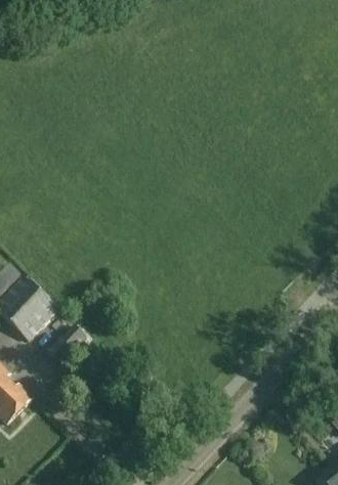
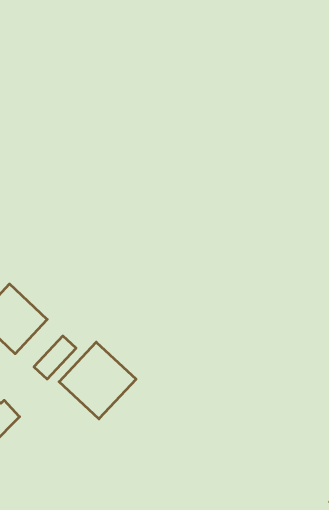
building: none -> [59,342,136,419]

